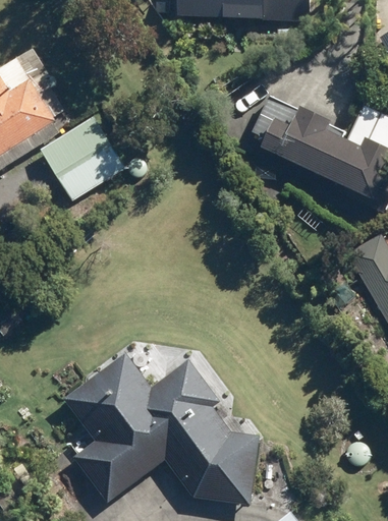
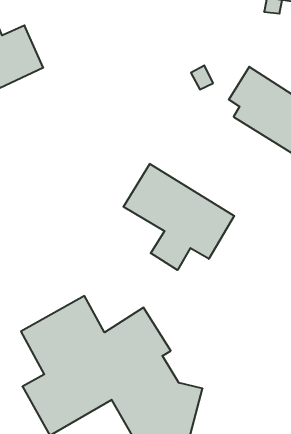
building: [41,115,125,198] -> none
building: none -> [123,164,234,270]

